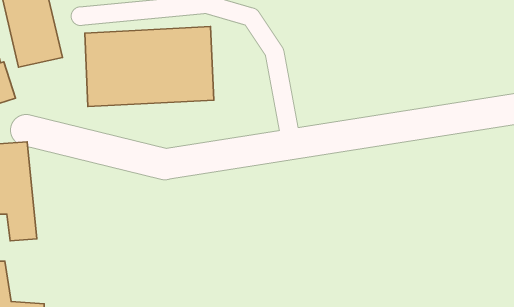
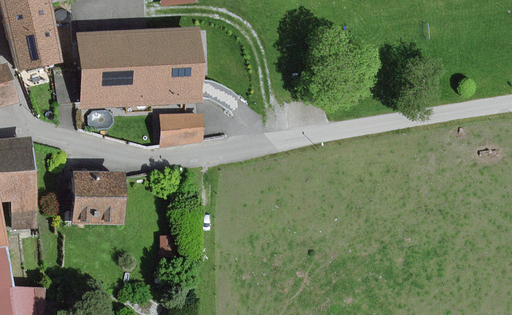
building: none -> [162,114,200,143]
building: none -> [77,172,121,219]

